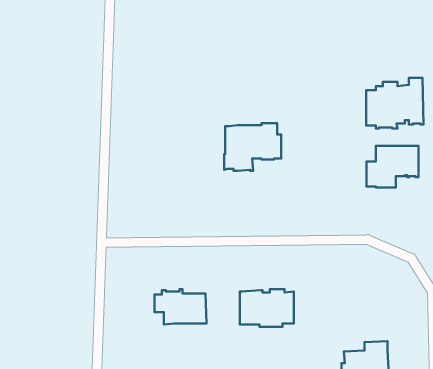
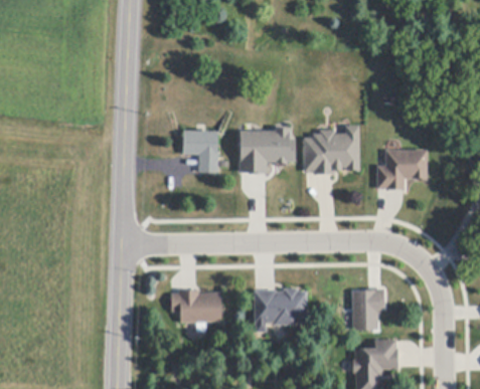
building: [366,78,424,129] -> [305,126,360,175]
building: none -> [183,131,219,173]
building: none -> [351,286,383,328]

